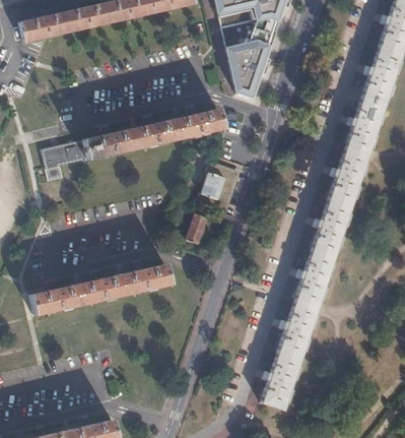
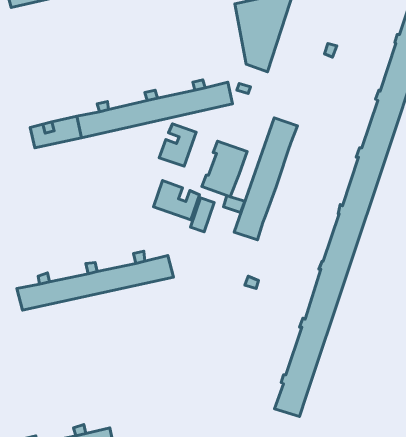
building: none -> [234,118,298,240]
building: none -> [159,124,196,166]
building: none -> [154,181,200,220]

